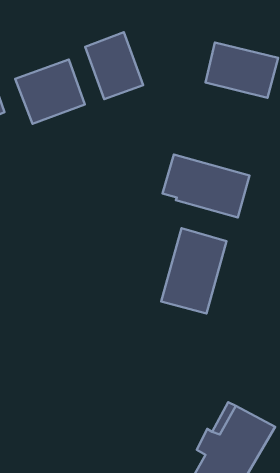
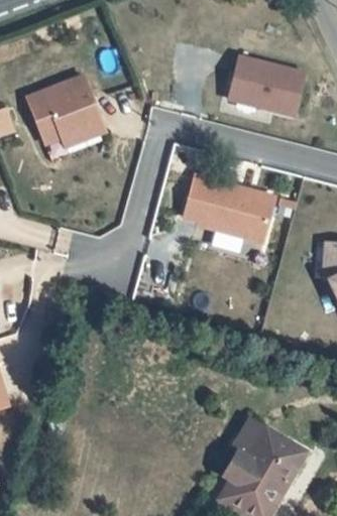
building: [85,32,143,99] -> none
building: [161,228,226,313] -> none

